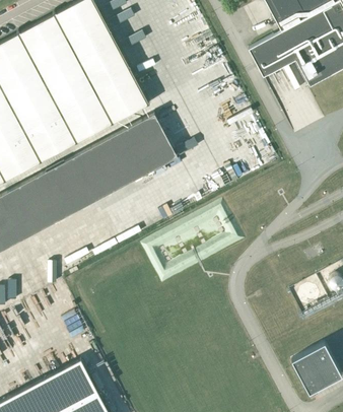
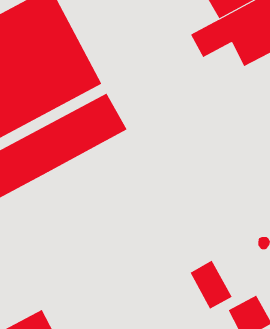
building: none -> [190,260,233,310]

